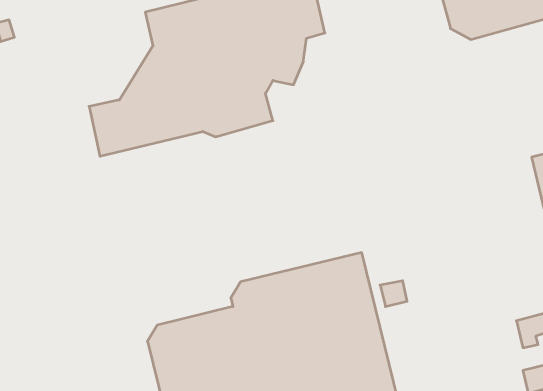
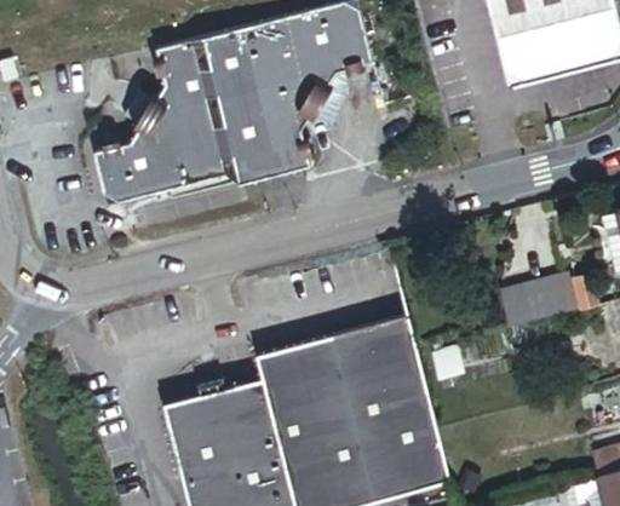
building: none -> [489,270,593,327]

